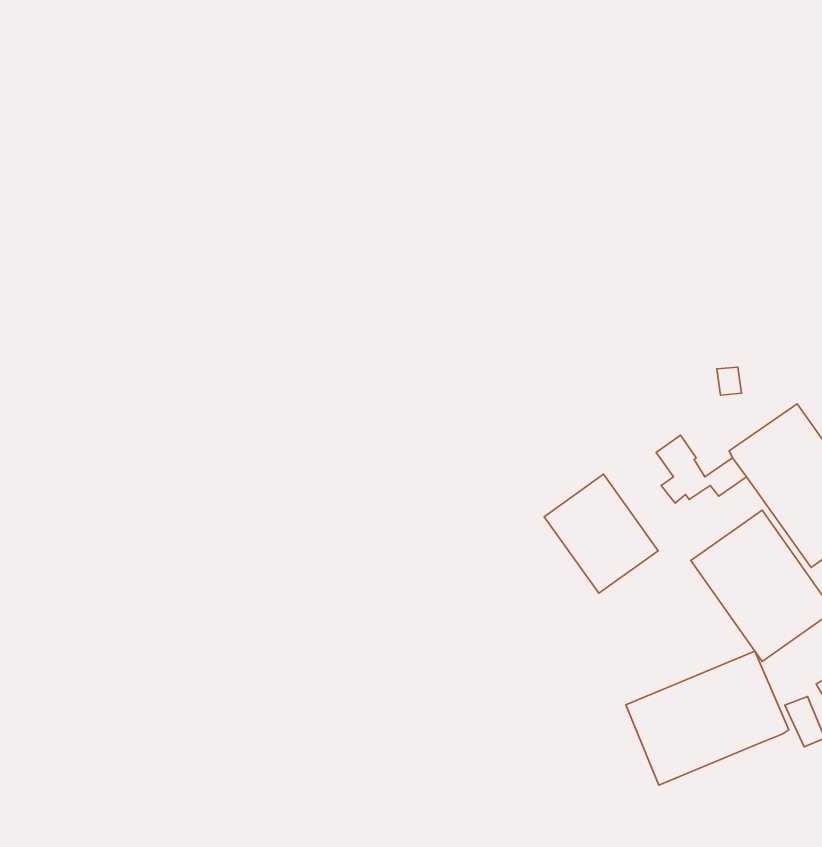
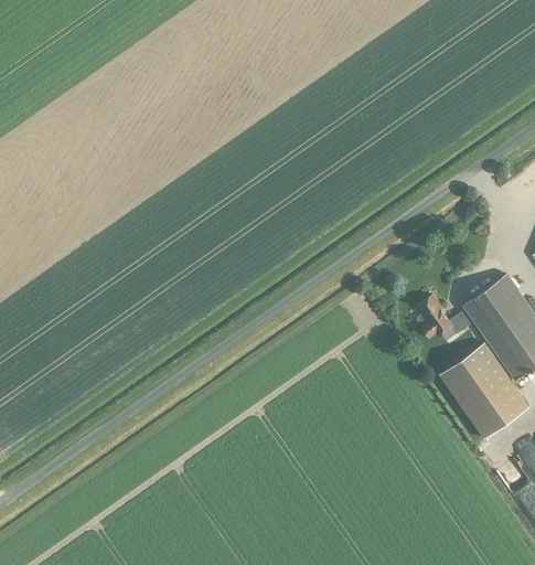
building: [544,474,658,593] -> none
building: [626,651,789,785] -> none

